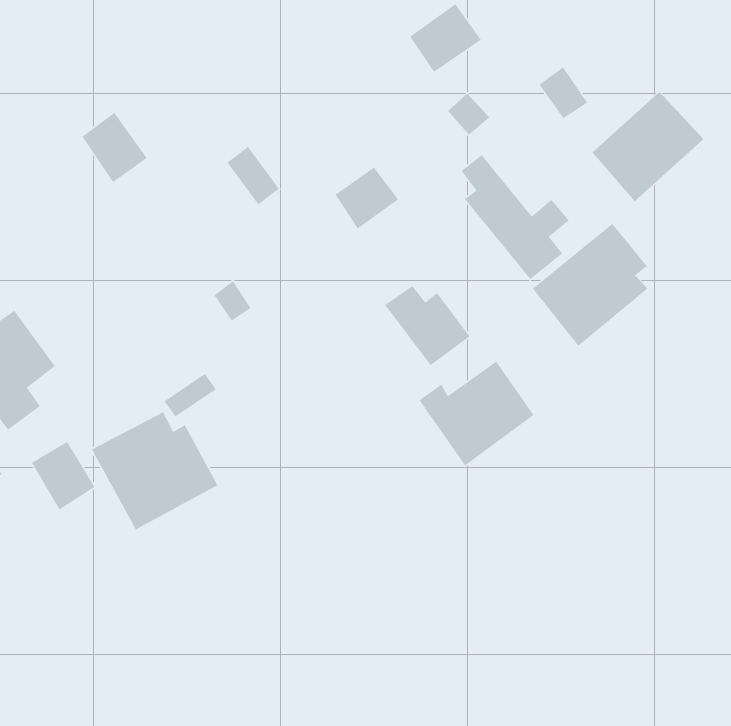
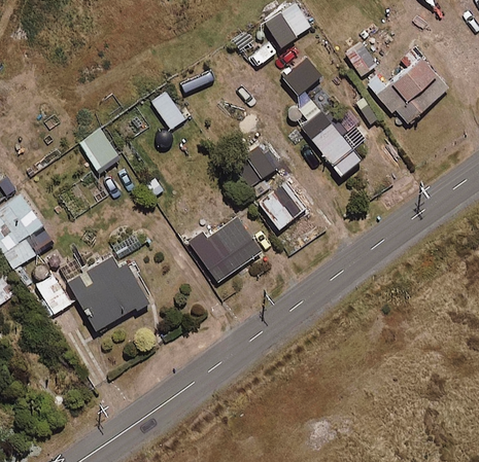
building: [81,112,148,183] -> [80,129,122,173]
building: [334,166,399,229] -> [235,147,275,186]
building: [532,223,648,347] -> none
building: [418,360,534,467] -> [189,217,261,283]

